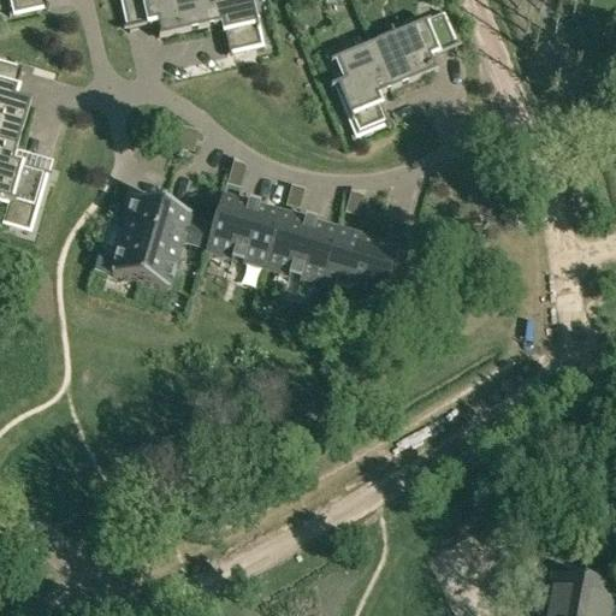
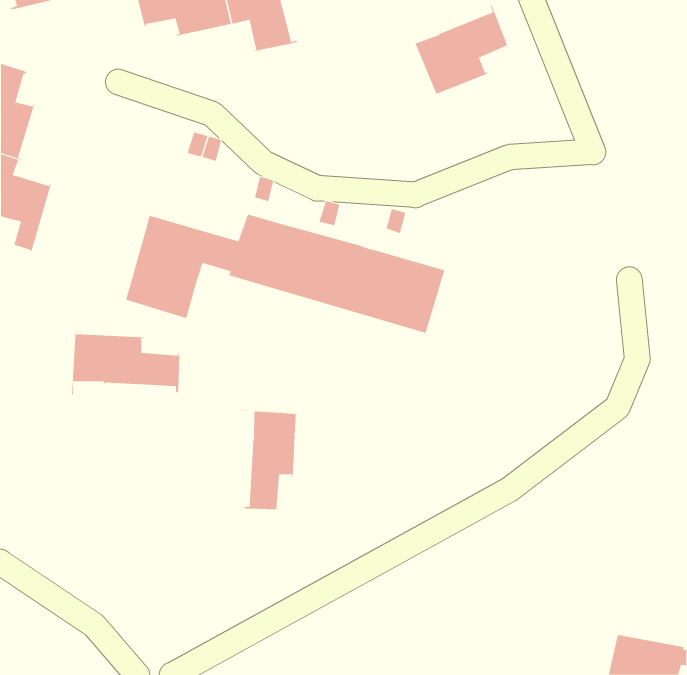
building: [330,26,391,132] -> none
building: none -> [71,331,181,395]
building: none -> [242,410,298,511]

